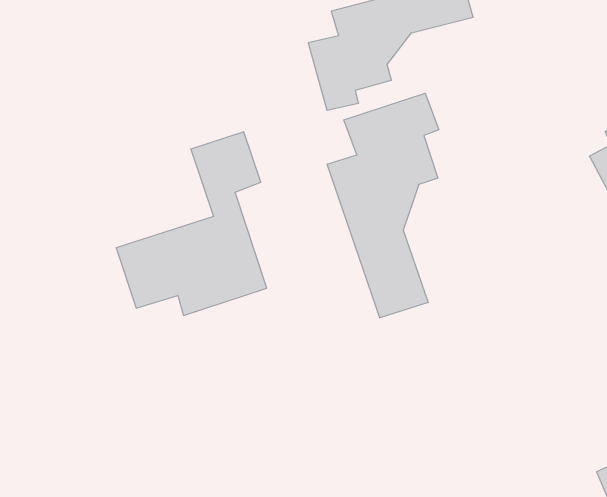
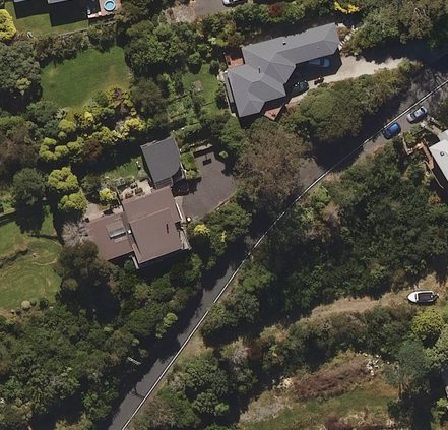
building: [327,93,439,318] -> none

